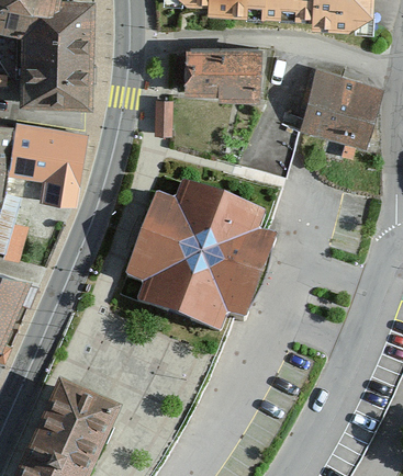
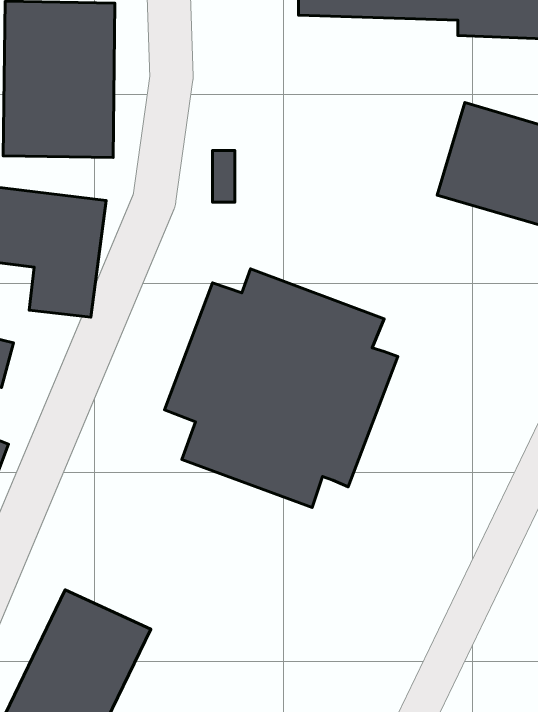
building: [183,50,265,104] -> none

